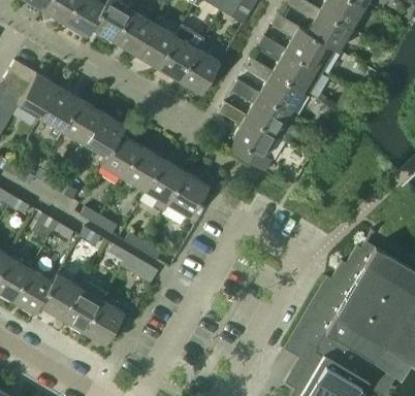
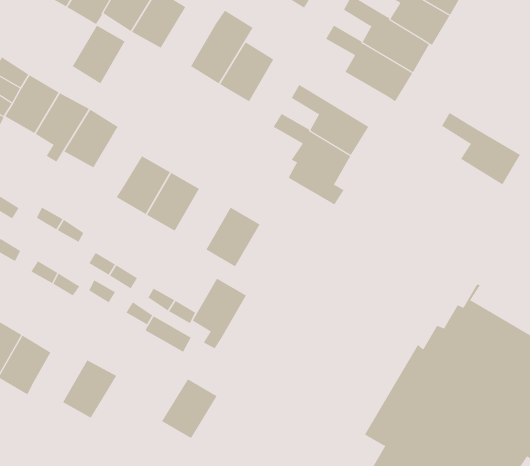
building: [135,23,175,67] -> [72,25,126,84]
building: [245,58,305,112] -> [441,112,521,185]
building: [85,112,126,157] -> none
building: [146,159,187,212] -> [192,278,247,349]
building: [39,273,79,319] -> none
building: [83,299,125,344] -> [161,378,218,439]

